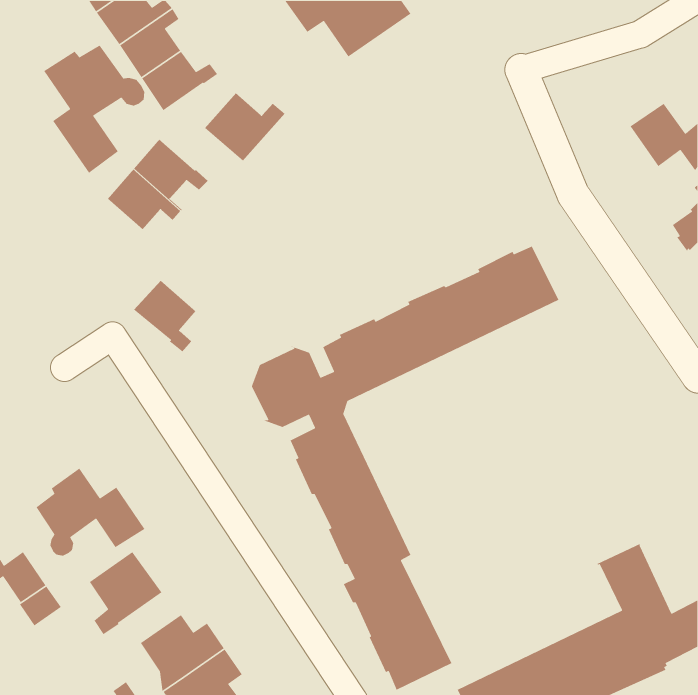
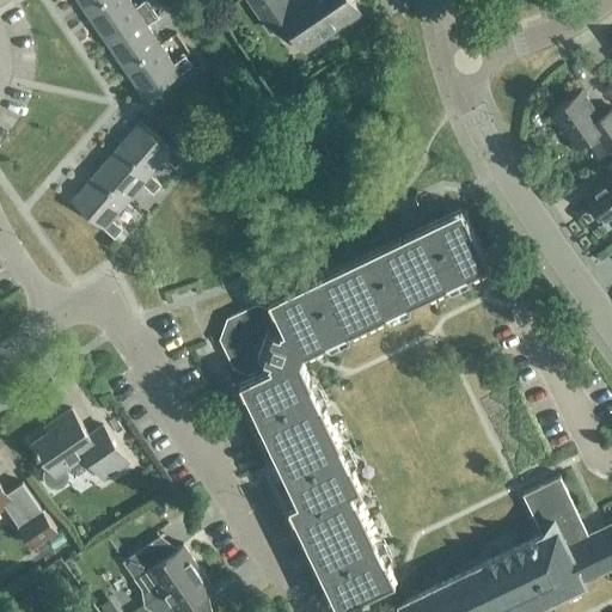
building: [43,45,145,174] -> none
building: [204,92,286,161] -> none
building: [133,280,196,352] -> [69,178,124,241]
building: [89,551,162,635] -> none

